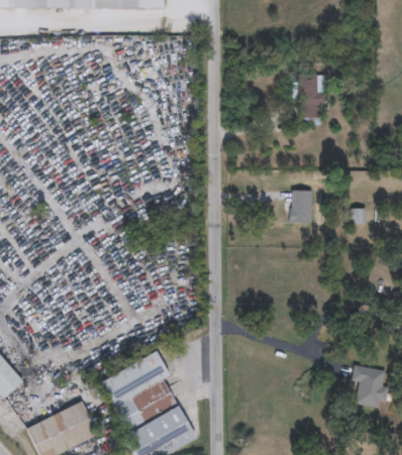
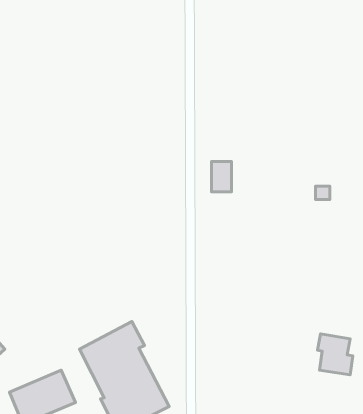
building: [299,73,328,117] -> none
building: [291,189,312,221] -> [211,161,231,192]

